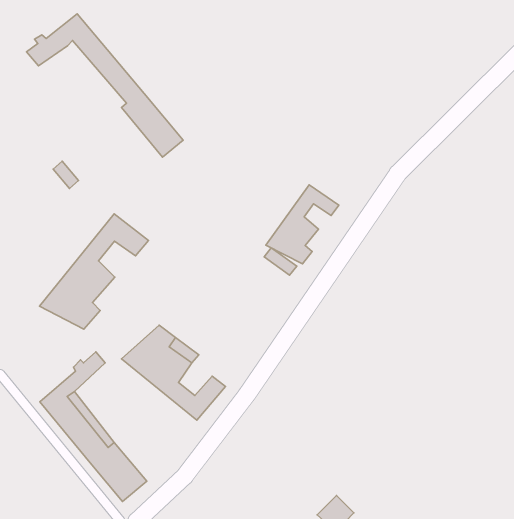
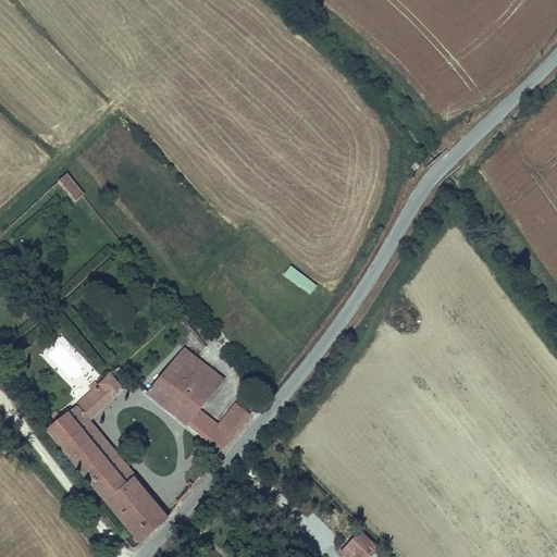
building: [27,14,183,157] -> none
building: [266,185,339,264] -> none
building: [39,214,149,329] -> none

